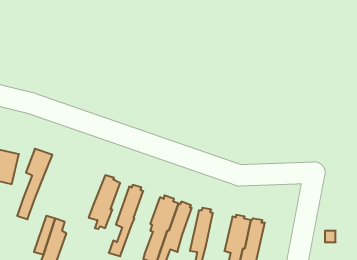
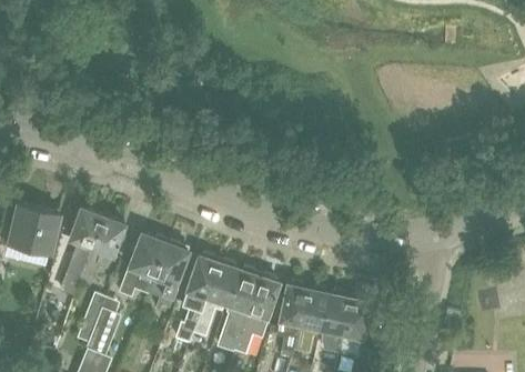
building: none -> [79,215,123,285]
building: none -> [119,232,169,295]
building: none -> [191,260,238,338]
building: none -> [295,286,329,336]

